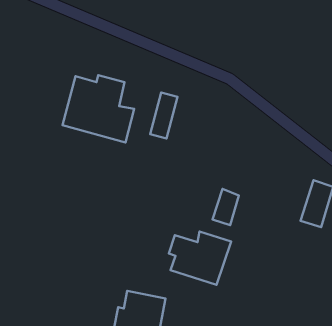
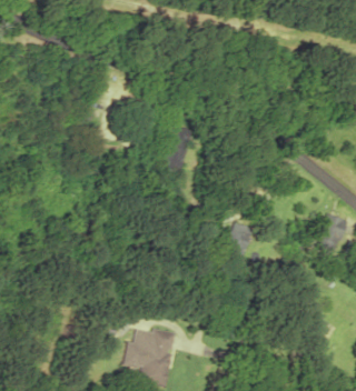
building: [62,75,134,143] -> none
building: [169,232,231,285] -> none

